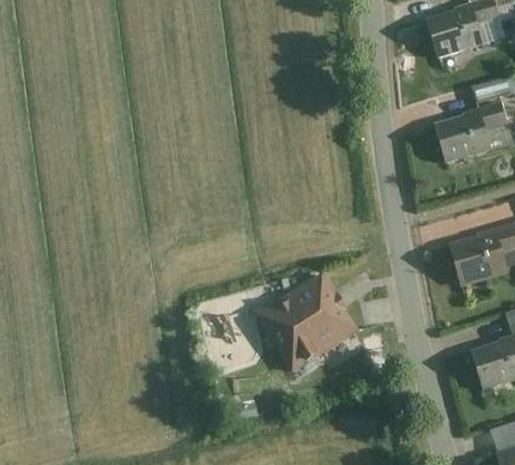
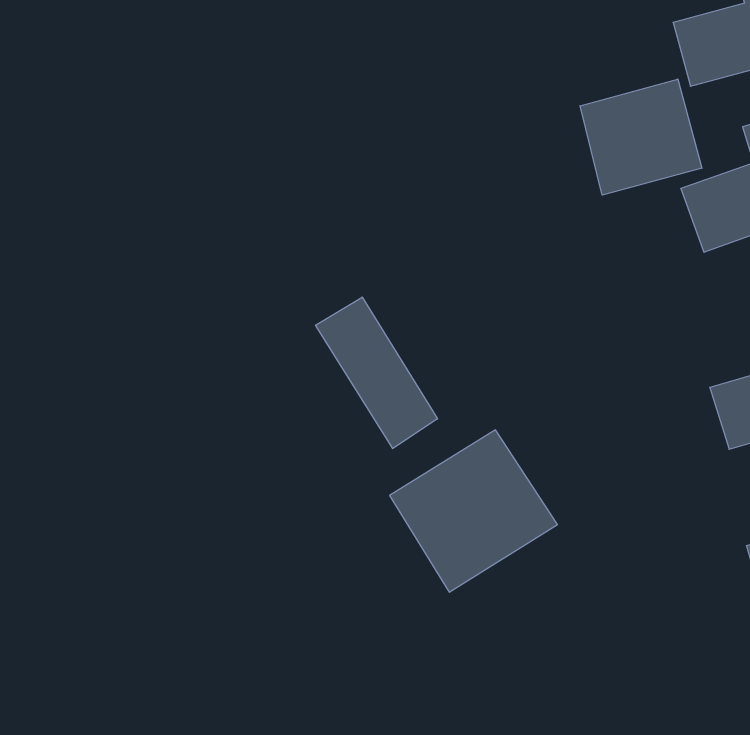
building: none -> [580,79,702,195]
building: none -> [316,297,438,449]

